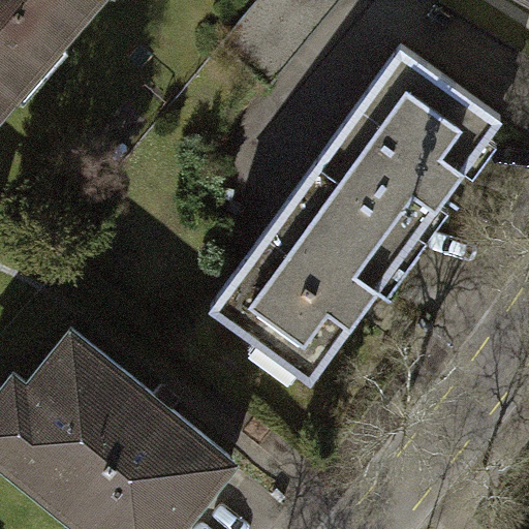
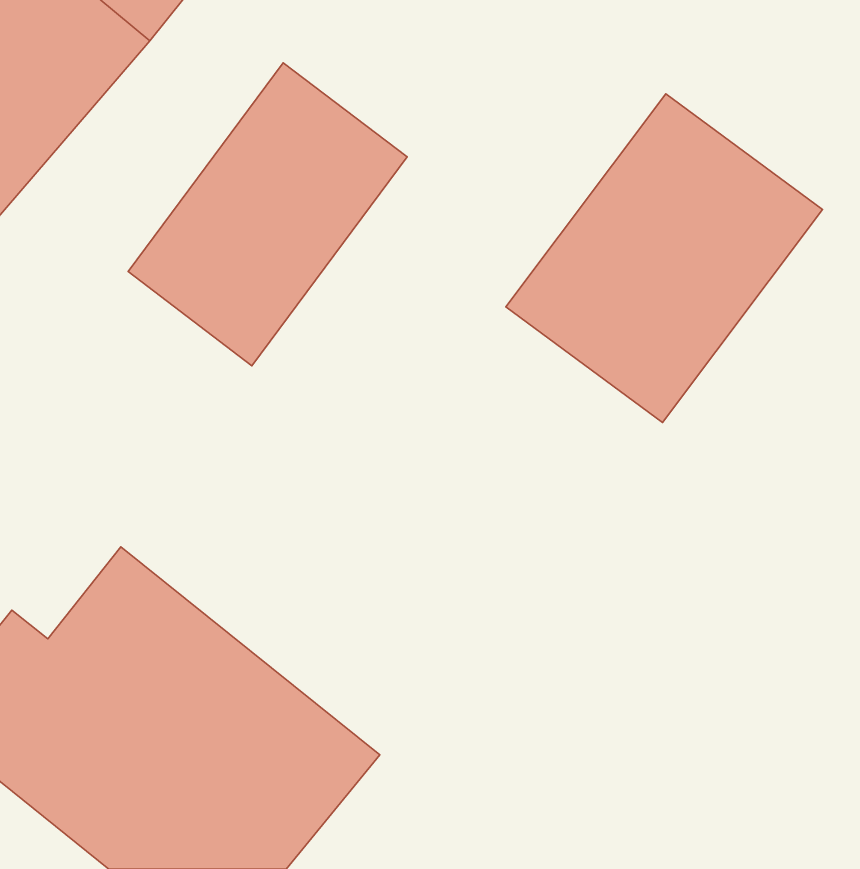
building: none -> [128,63,407,366]
building: [211,186,402,385] -> none

